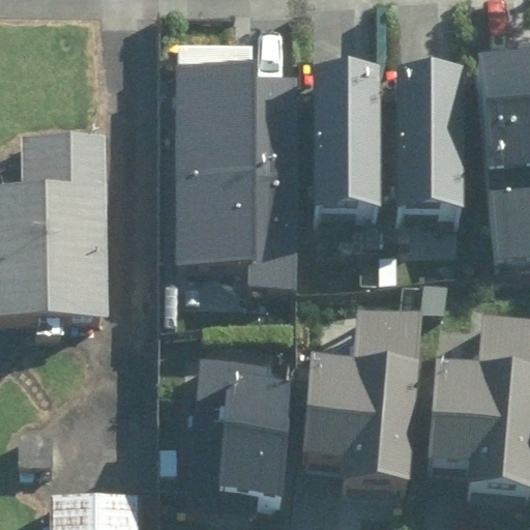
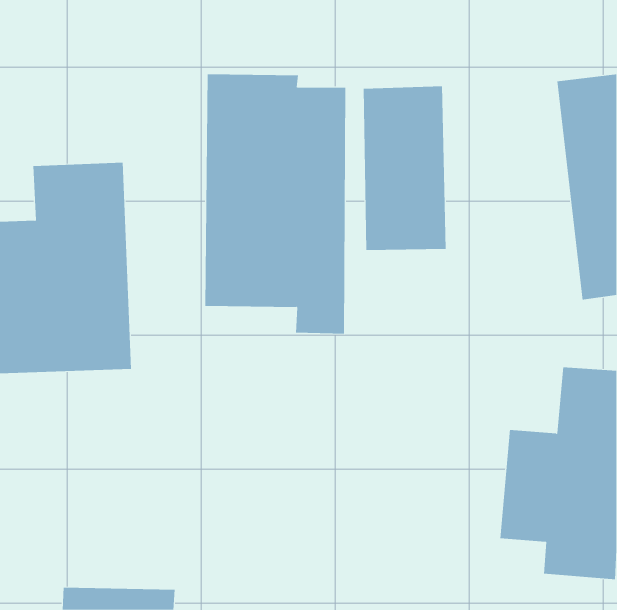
building: [391,72,461,213] -> none
building: [303,304,421,484] -> none
building: [187,358,291,512] -> none

